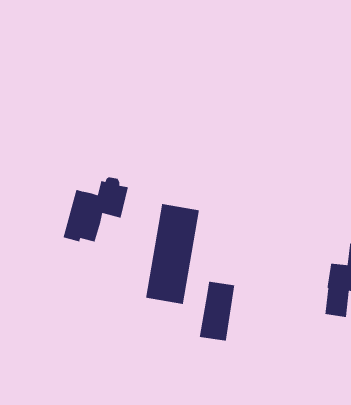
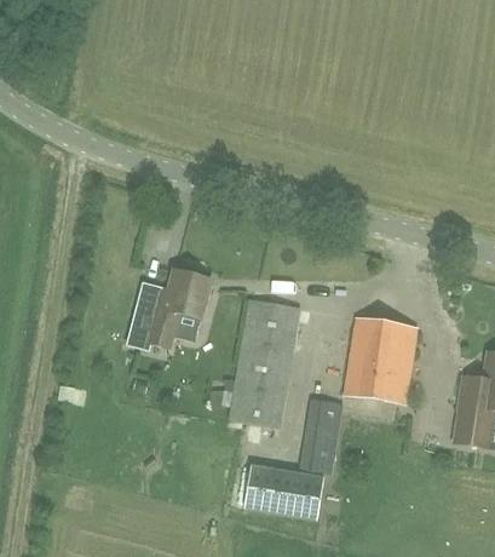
building: none -> [344,318,415,403]
building: none -> [243,465,324,522]

